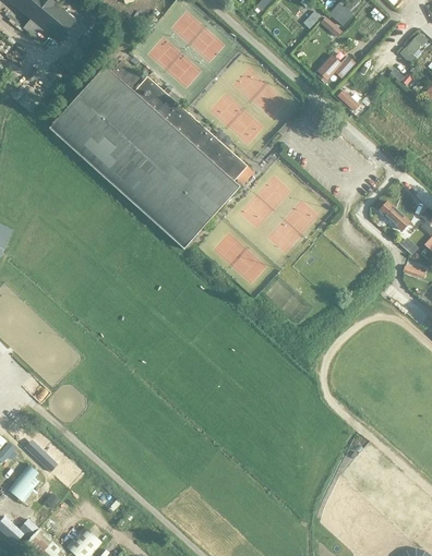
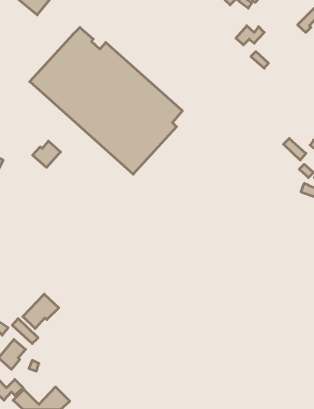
building: none -> [33,141,61,167]
building: none -> [23,294,59,329]

